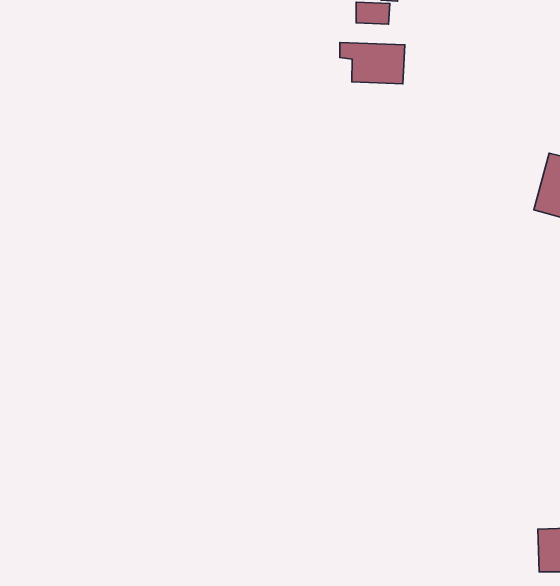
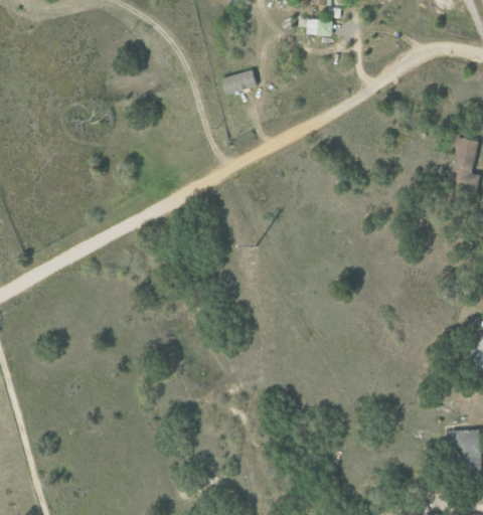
building: [340,42,405,84] -> none
building: none -> [223,70,258,95]

